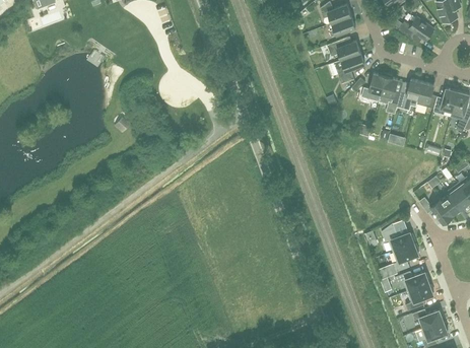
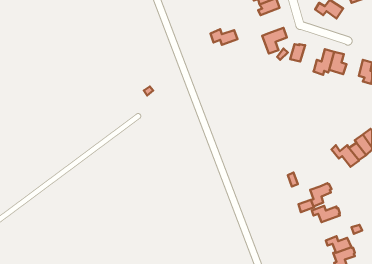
building: [327,41,360,60] -> [210,29,238,45]
building: [379,74,401,106] -> none
building: [433,88,458,116] -> none
building: [382,223,415,252] -> none
building: [405,283,434,310] -> none

